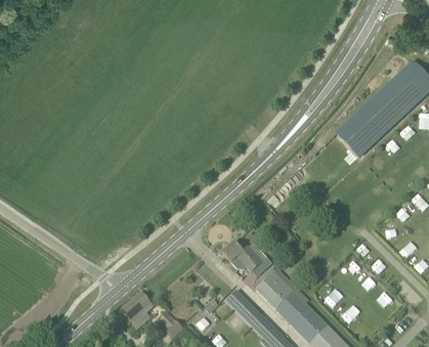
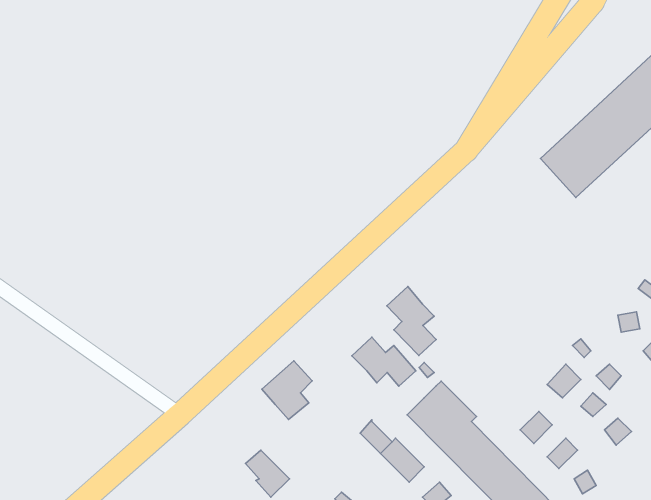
building: none -> [387,287,436,356]
building: [121,291,152,327] -> [262,361,312,420]

